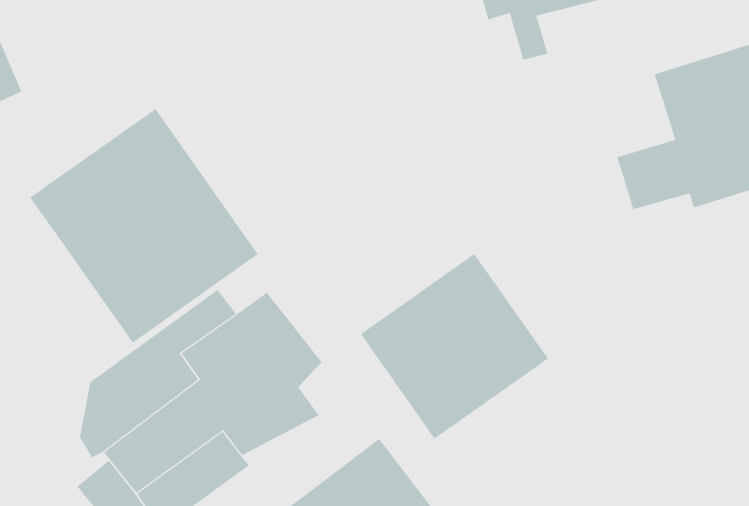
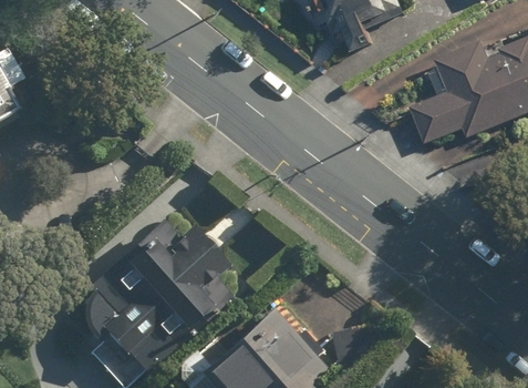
building: [30,108,258,343] -> none
building: [360,253,549,439] -> none

